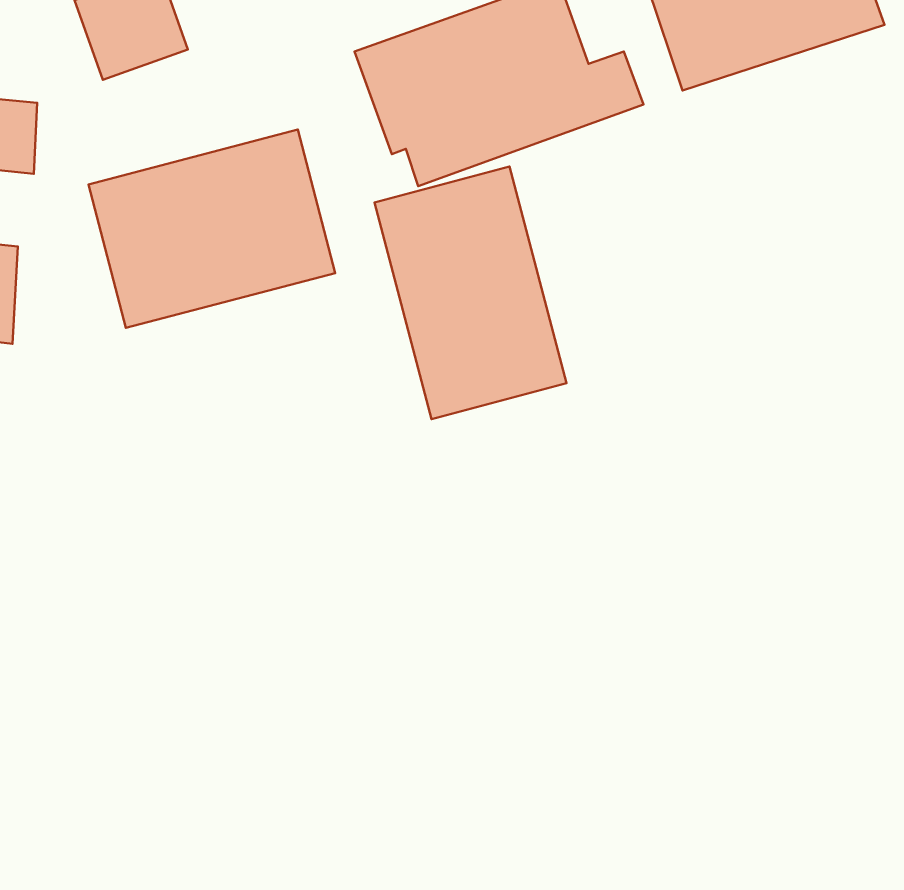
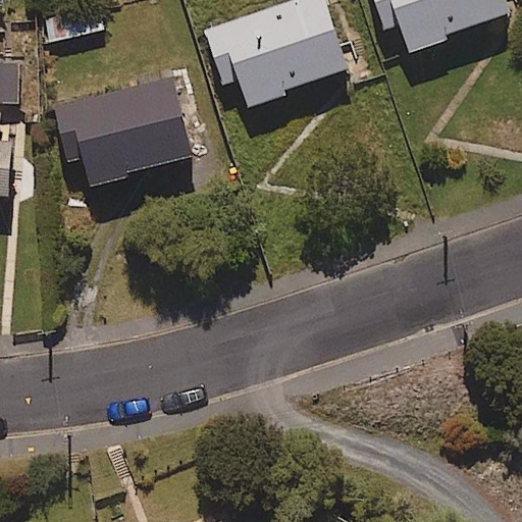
building: [375,167,566,419] -> none

